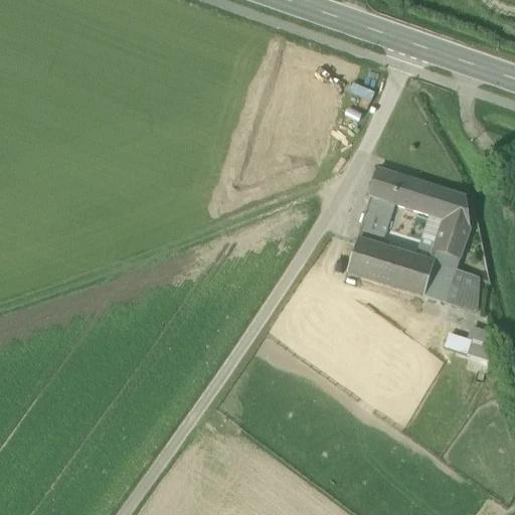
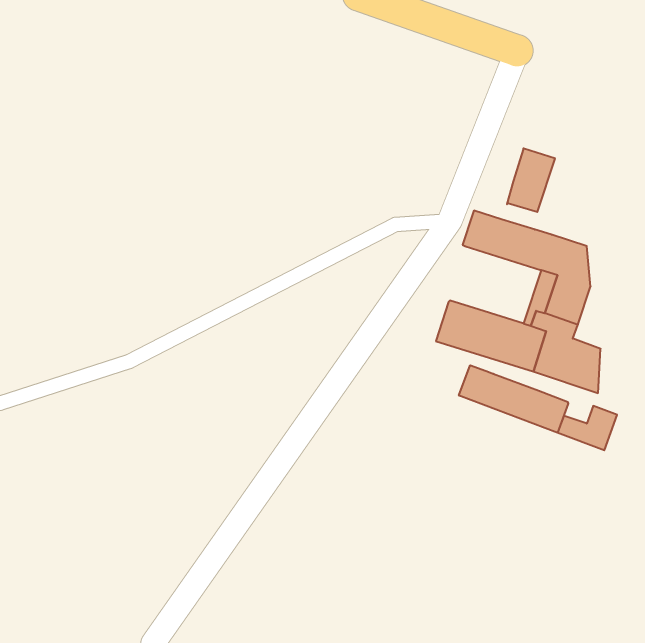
building: [358,195,396,245] -> [507,148,555,212]
building: none -> [459,365,568,433]

